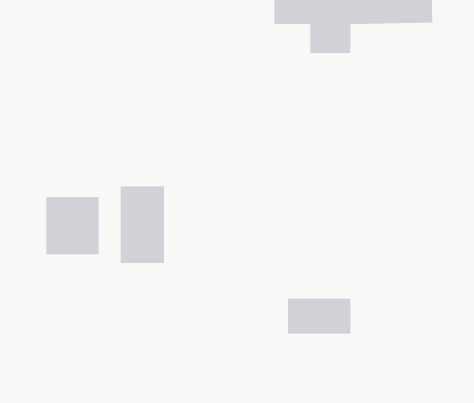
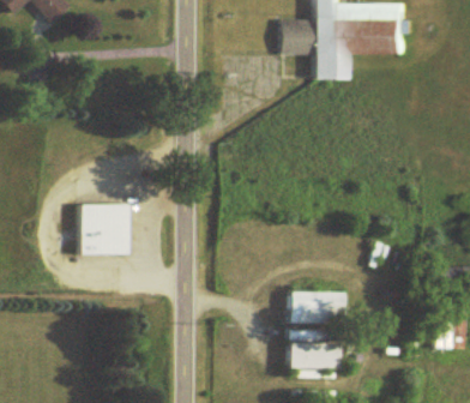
building: [120,186,164,264] -> none
building: none -> [288,330,339,369]

